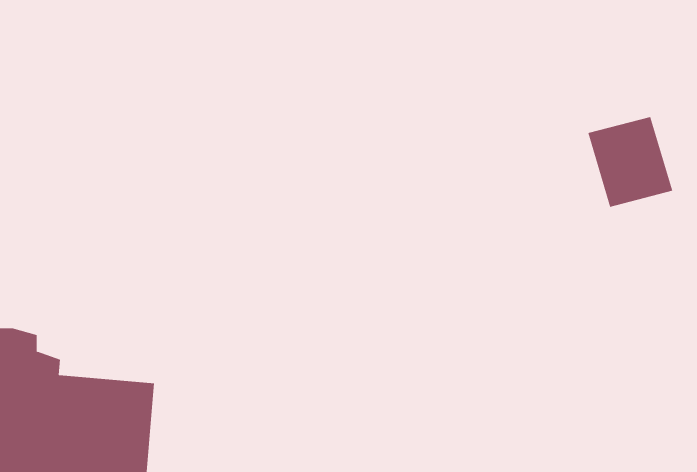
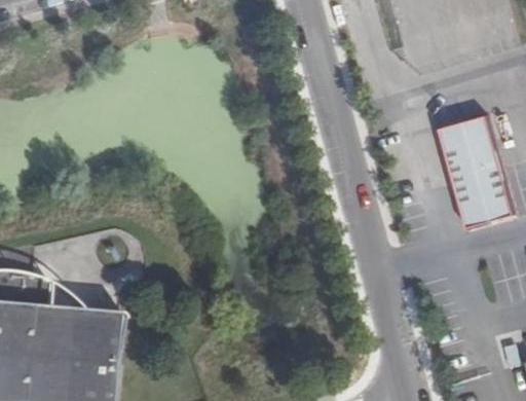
building: none -> [454,170,514,226]

